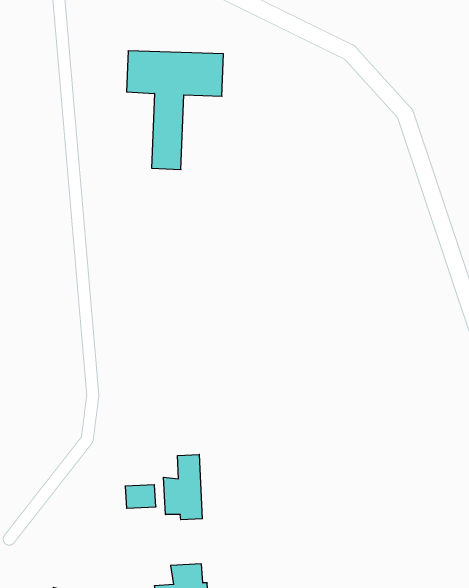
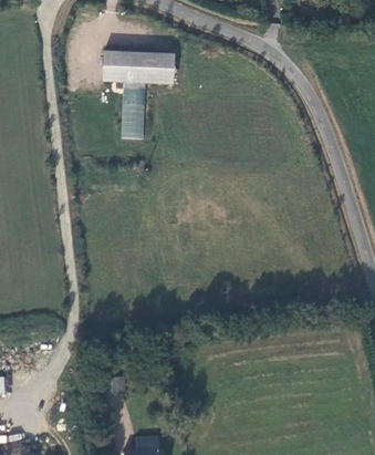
building: [164,454,202,520] -> none

